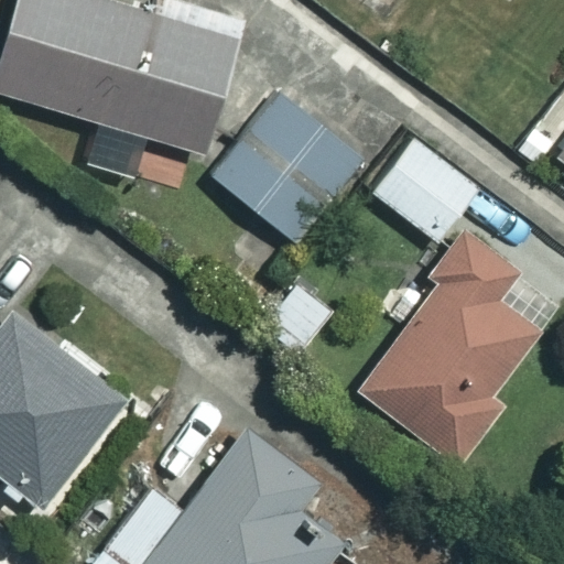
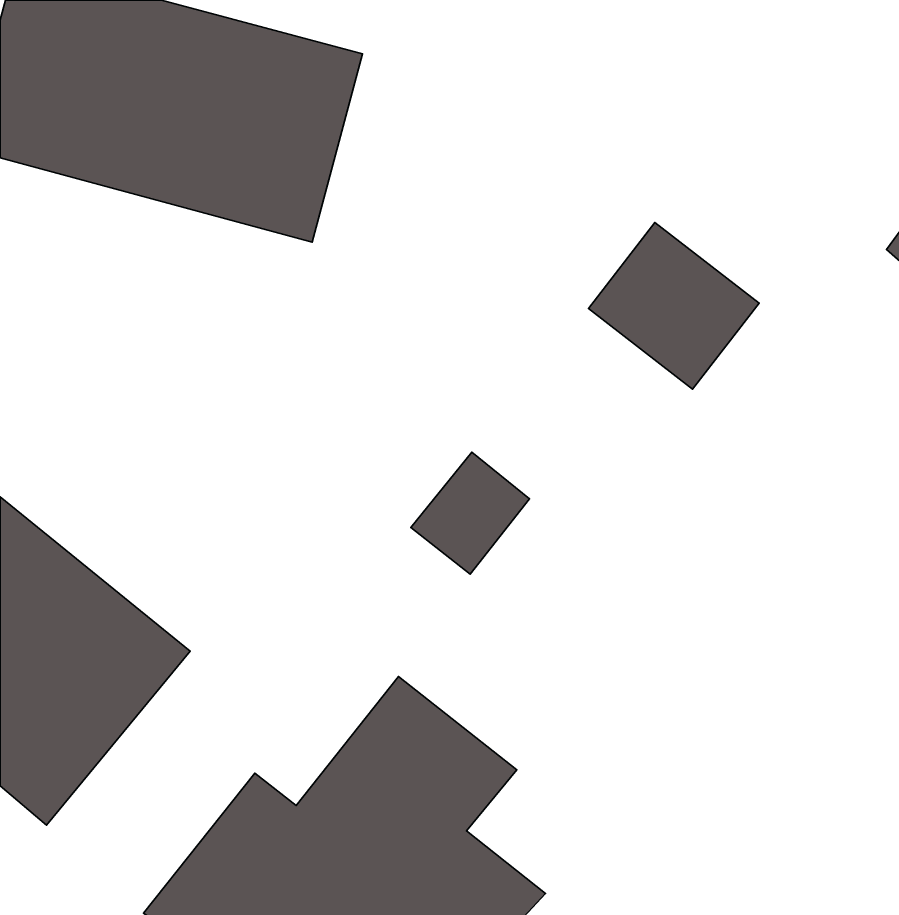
building: [214,95,359,240] -> none
building: [355,238,542,459] -> none

